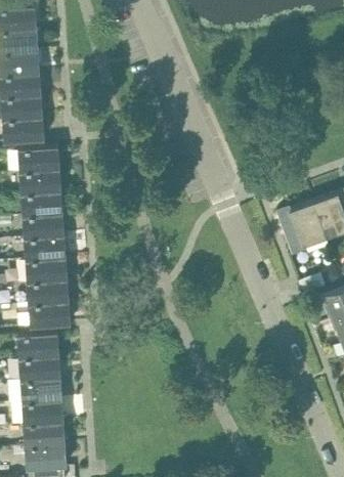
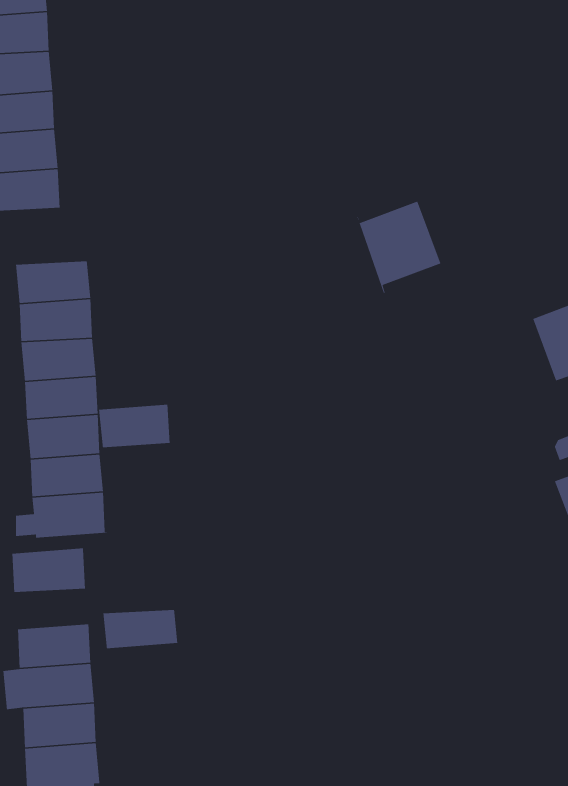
building: [17,147,59,173] -> none
building: [276,204,325,257] -> [357,201,441,294]
building: none -> [98,404,171,448]
building: [17,357,60,380] -> [102,609,178,649]

